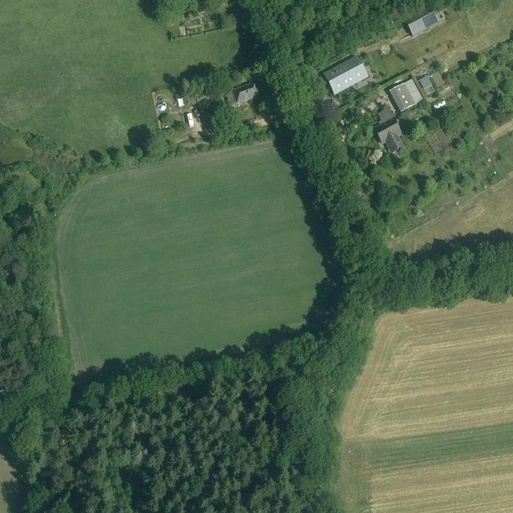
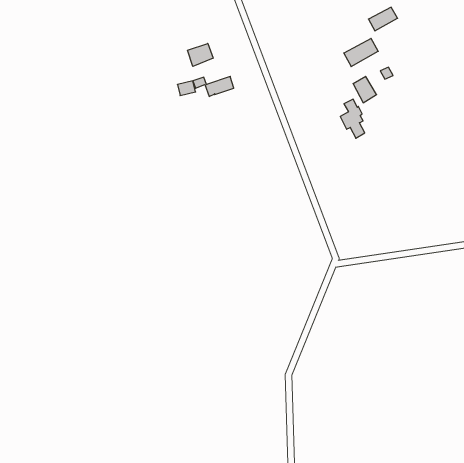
building: none -> [188,43,213,66]
building: [327,60,365,91] -> [344,38,378,67]

